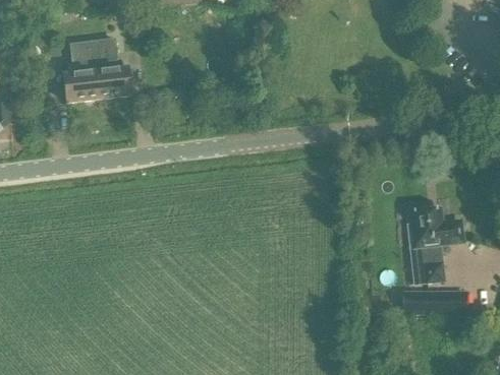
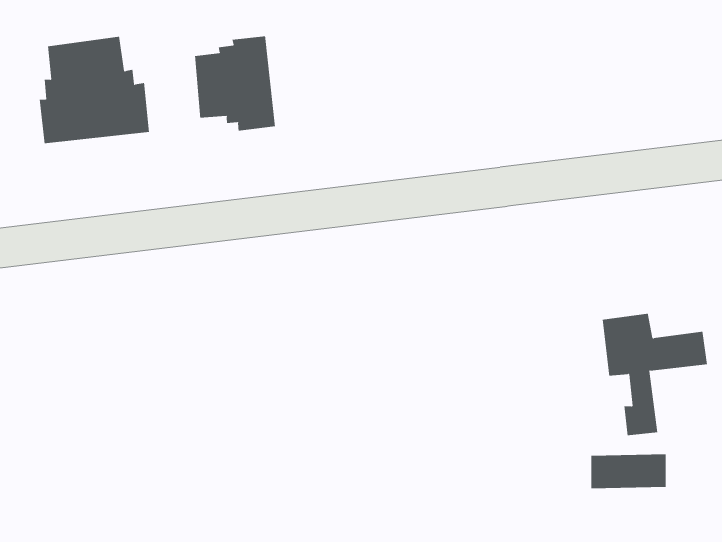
building: none -> [194,36,275,131]

